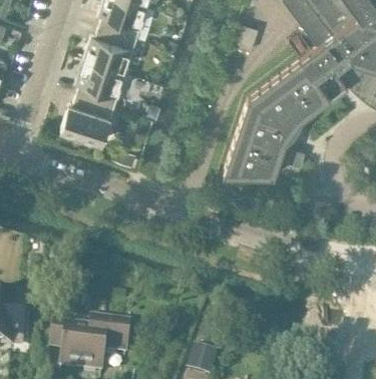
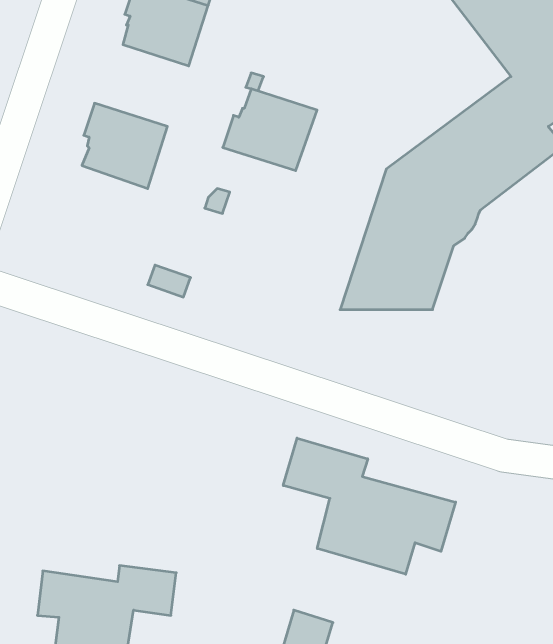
building: [84,28,137,74] -> [223,89,317,171]
building: [62,96,114,144] -> none
building: none -> [283,438,456,574]

